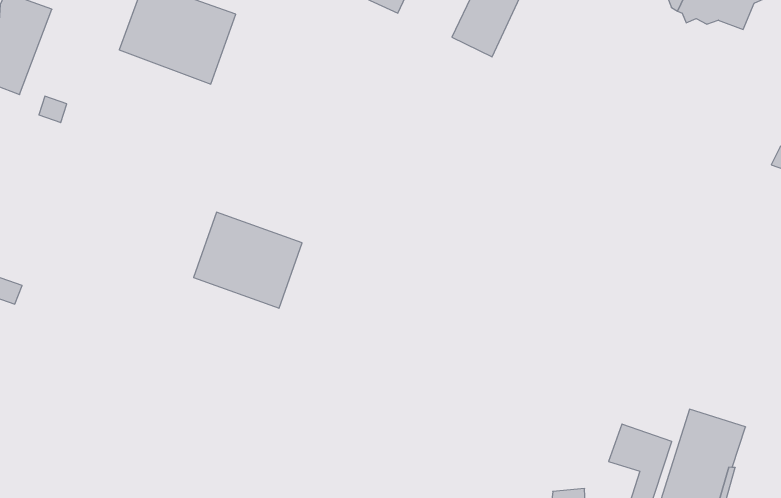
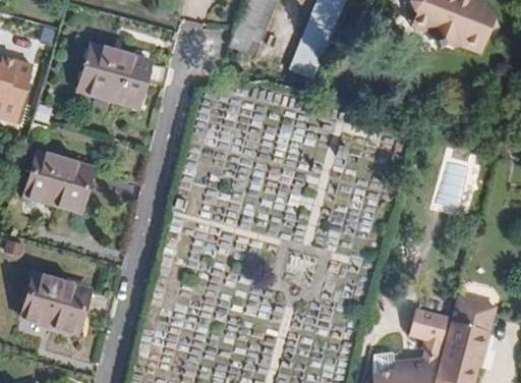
building: [194,212,302,308] -> [24,151,93,210]
building: none -> [21,273,89,331]

